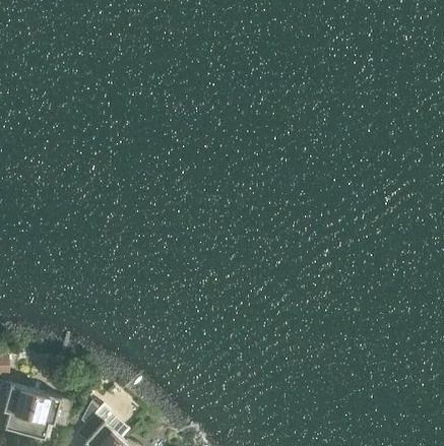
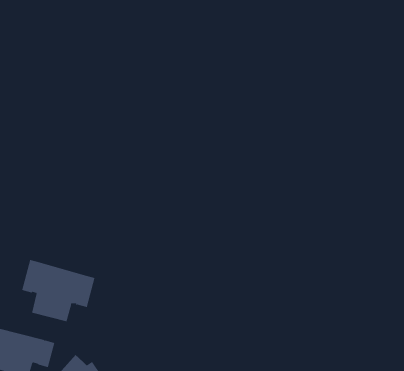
building: none -> [21,259,95,322]

